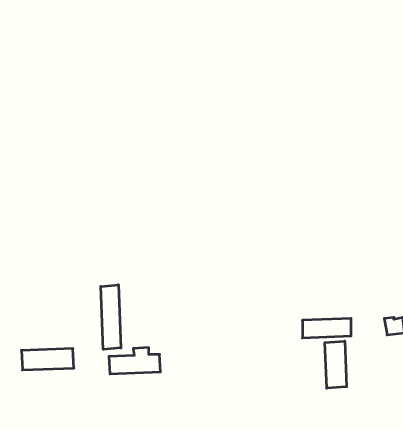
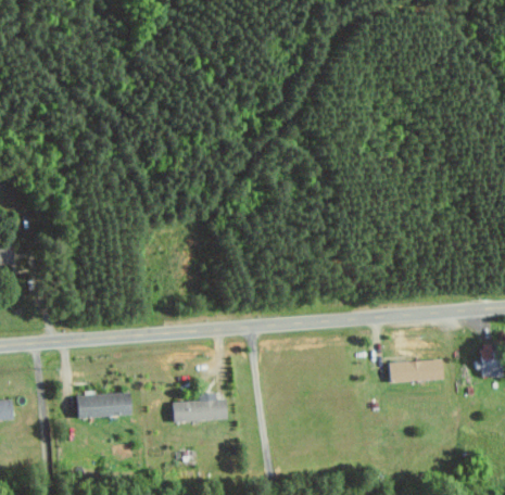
building: [101,285,121,349] -> none
building: [325,341,347,388] -> none

